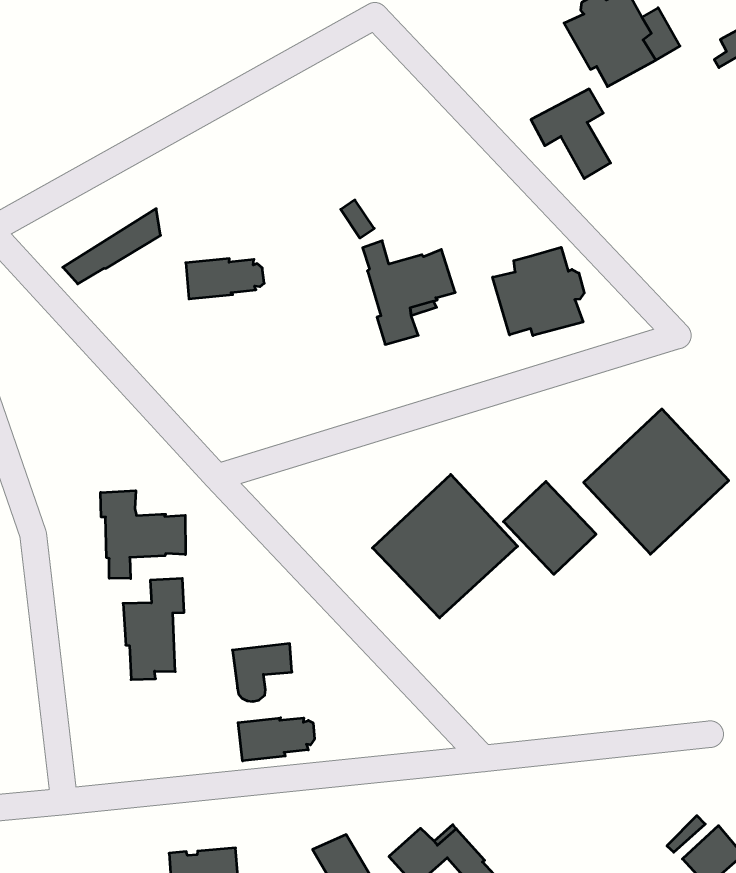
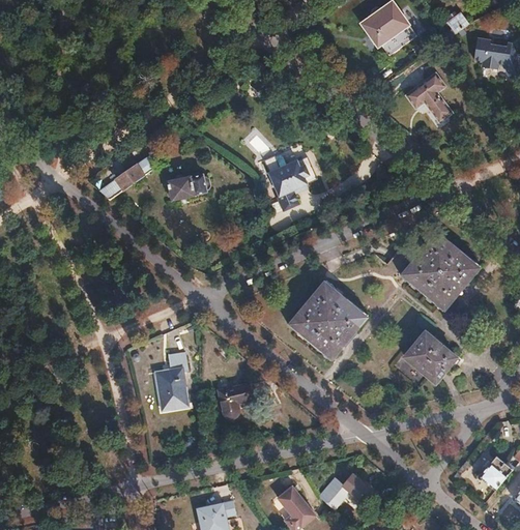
building: [531,89,611,179] -> [405,73,452,123]
building: [493,247,584,336] -> none
building: [503,481,596,574] -> [403,331,455,382]
building: [101,491,185,579] -> none
building: [238,718,314,761] -> none

